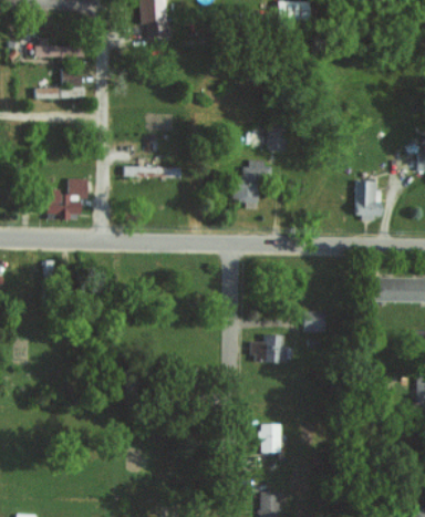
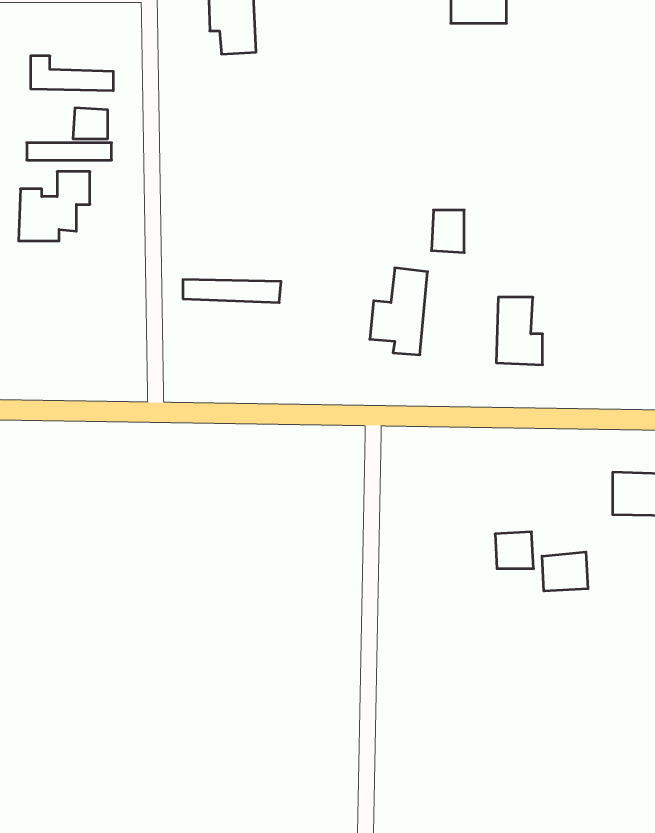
building: [45,179,86,219] -> [19,172,90,241]
building: [355,180,382,219] -> [496,297,543,365]
building: none -> [542,552,588,591]
building: [251,334,287,363] -> none
building: [260,424,280,453] -> none

